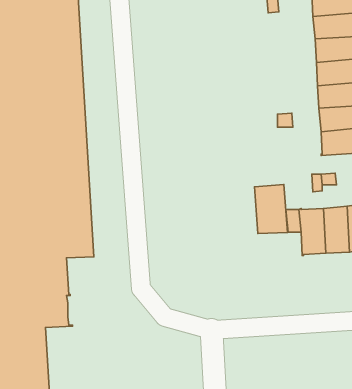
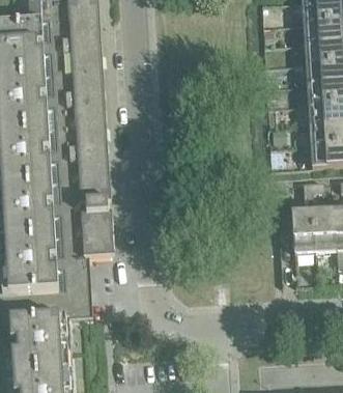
building: [254,185,288,234] -> none

